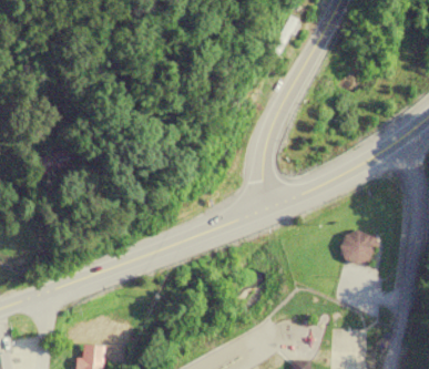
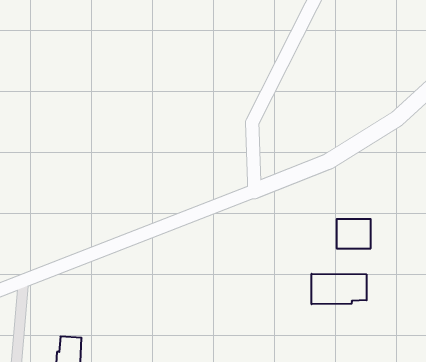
building: none -> [312,274,367,304]

